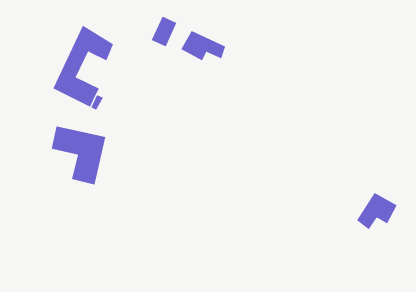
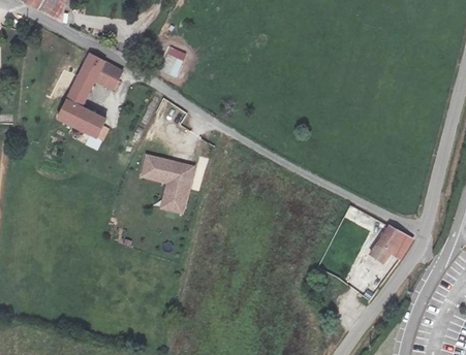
building: [181,30,226,61] -> none
building: [51,126,106,185] -> [137,152,194,213]

